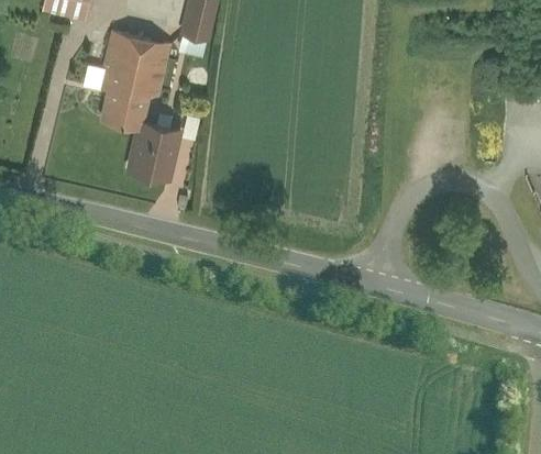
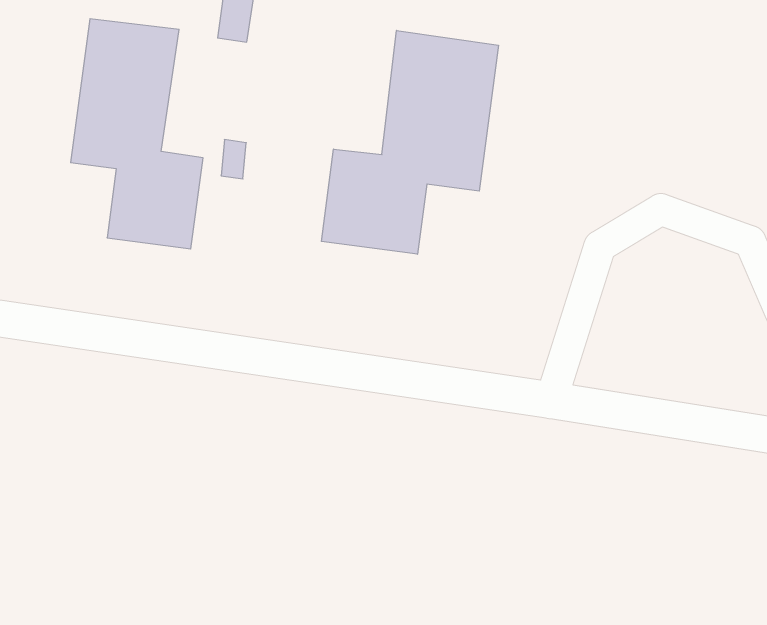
building: none -> [321,30,498,254]

